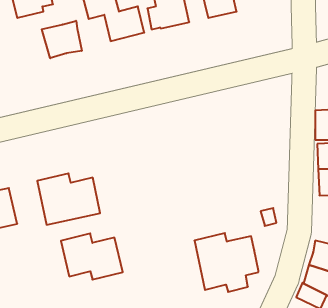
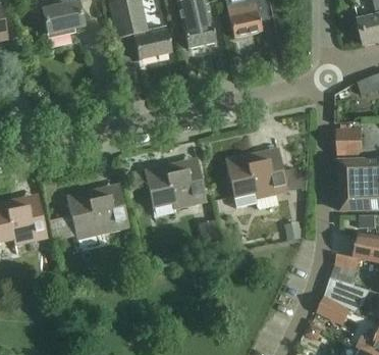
building: [42,21,82,58] -> none
building: [194,233,258,292] -> [224,152,286,209]
building: [61,233,123,280] -> [144,162,204,207]

